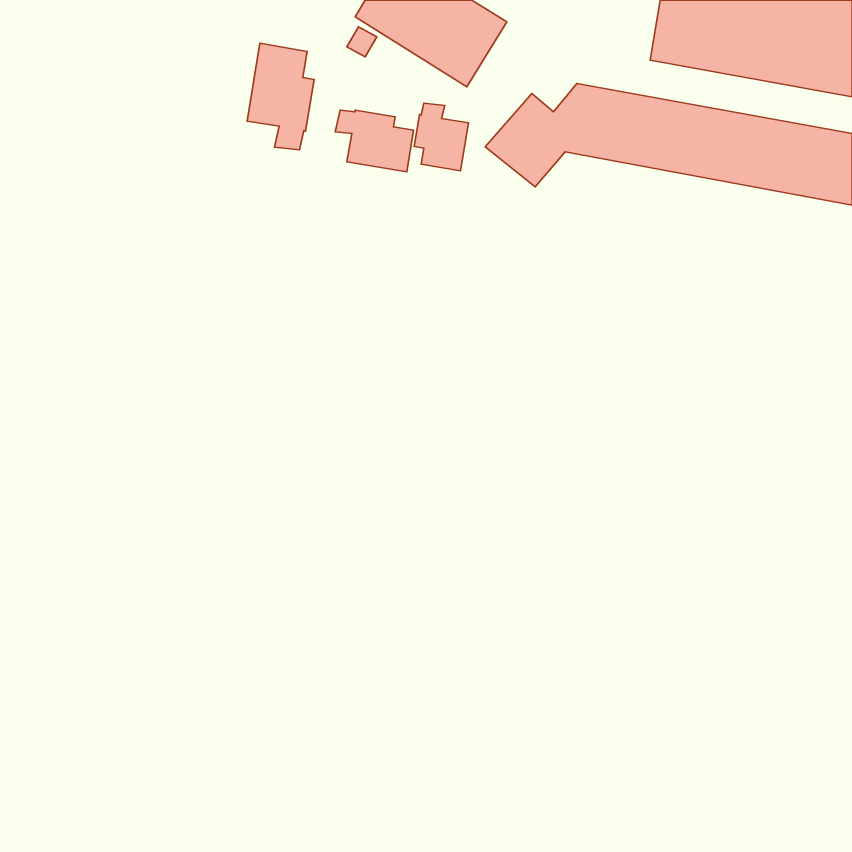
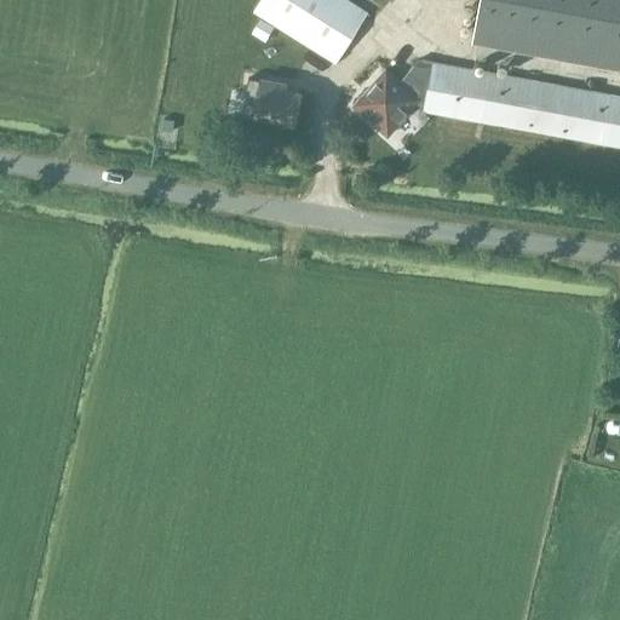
building: [247,43,314,150] -> none
building: [414,103,468,171] -> none

